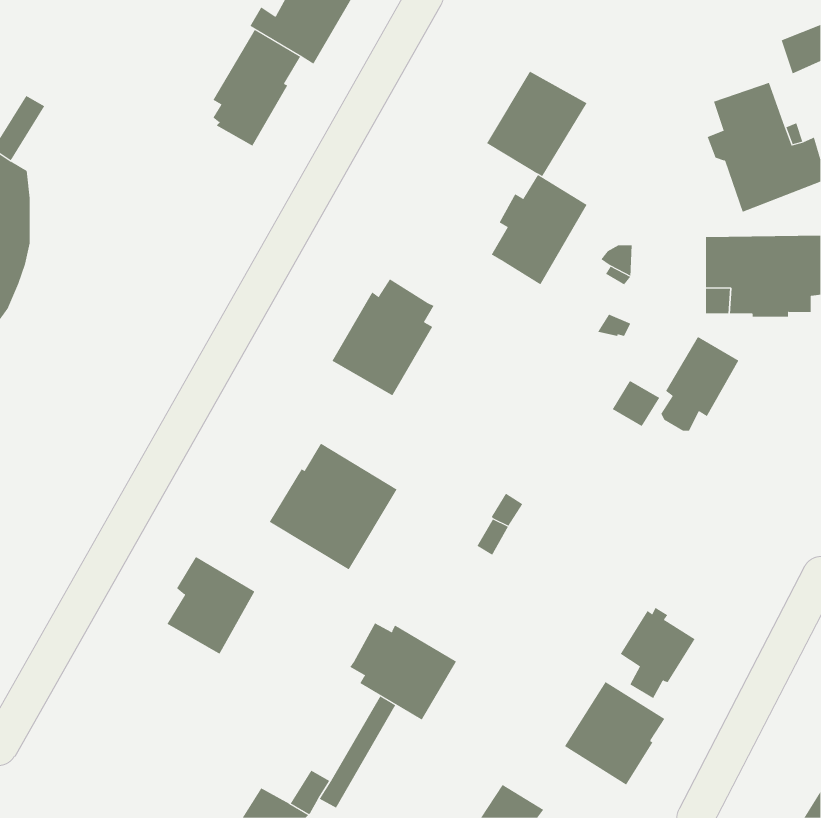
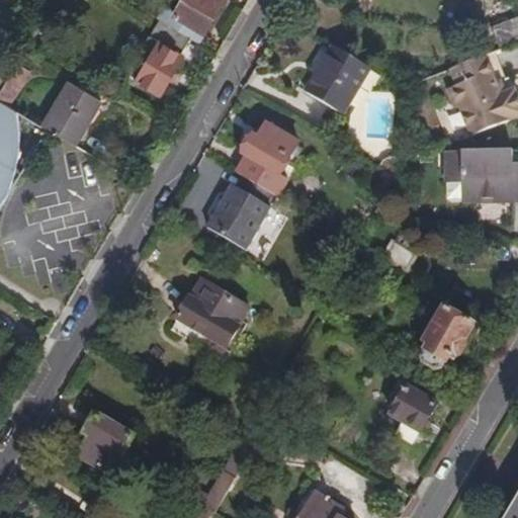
building: none -> [42,78,100,142]
building: [491,174,587,285] -> [238,120,298,190]
building: [660,336,739,431] -> [421,309,470,368]
building: [167,556,255,654] -> [76,413,132,474]
building: [349,623,457,720] -> none
building: [564,681,665,786] -> none

